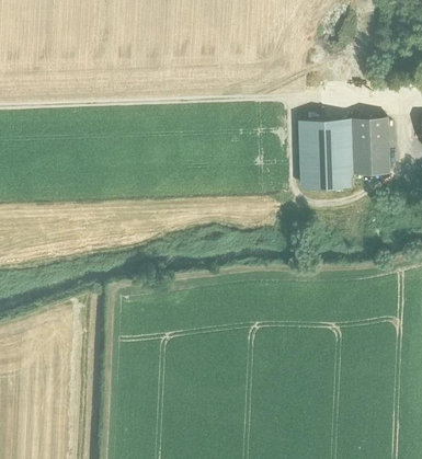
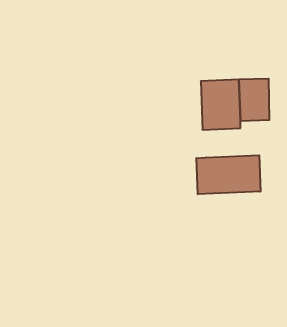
building: none -> [196,155,260,194]

